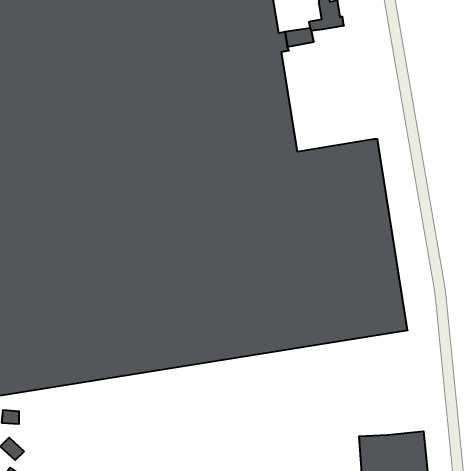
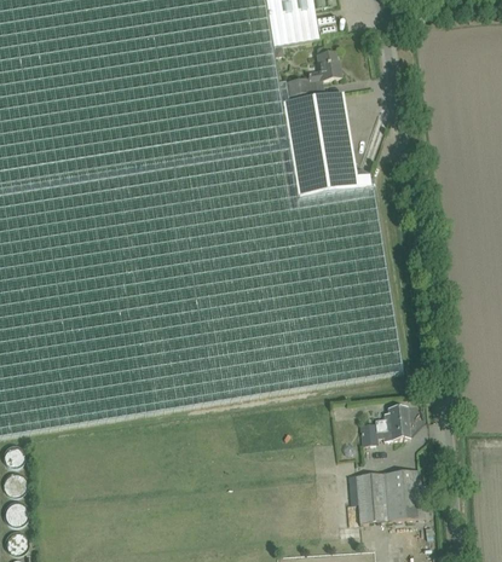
building: none -> [279,92,369,198]
building: none -> [359,406,408,445]

